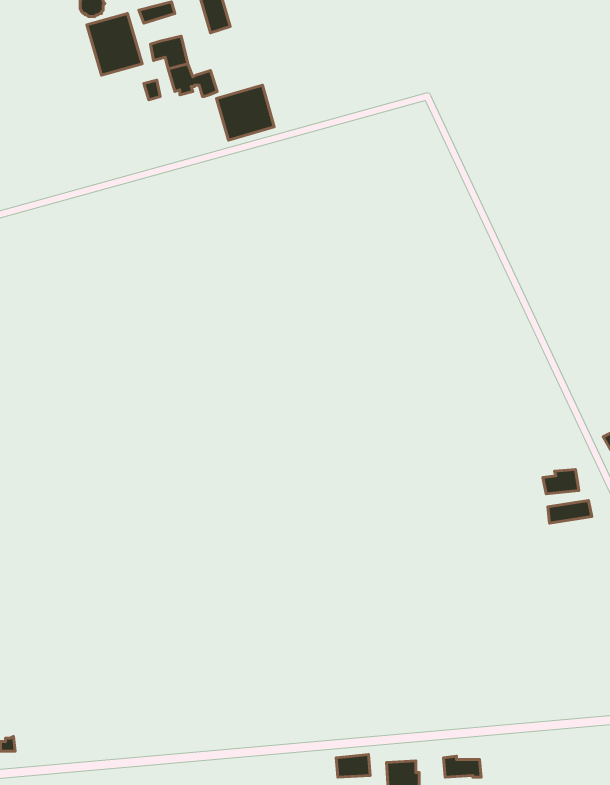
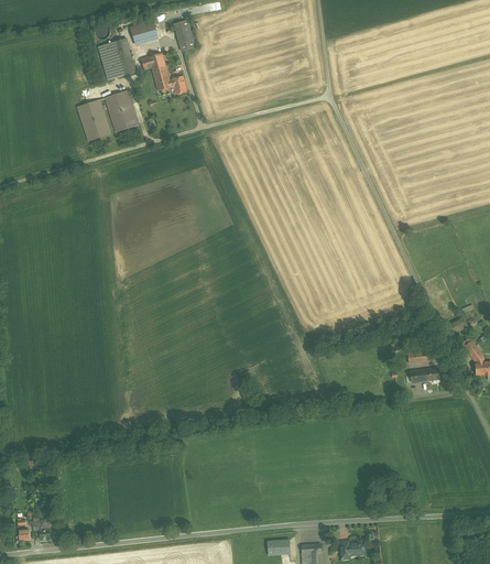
building: [217,85,274,140] -> none
building: none -> [105,90,138,131]
building: none -> [76,98,111,141]

